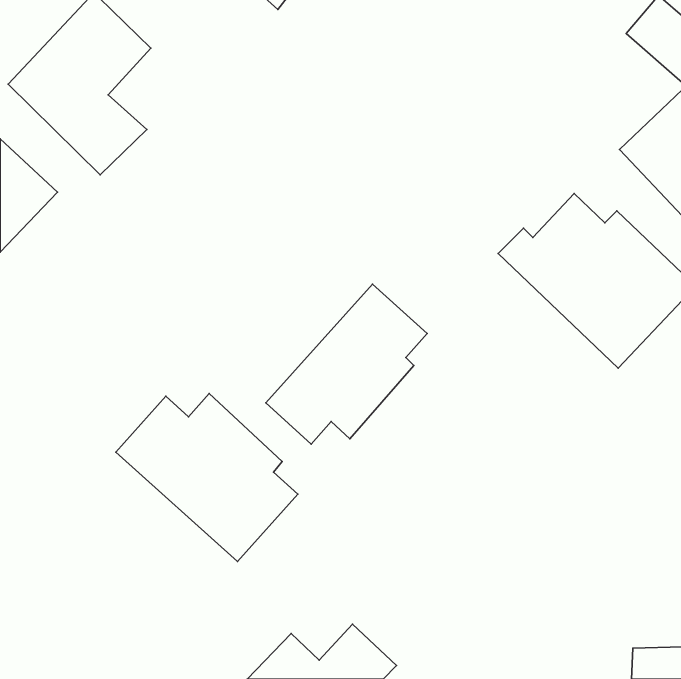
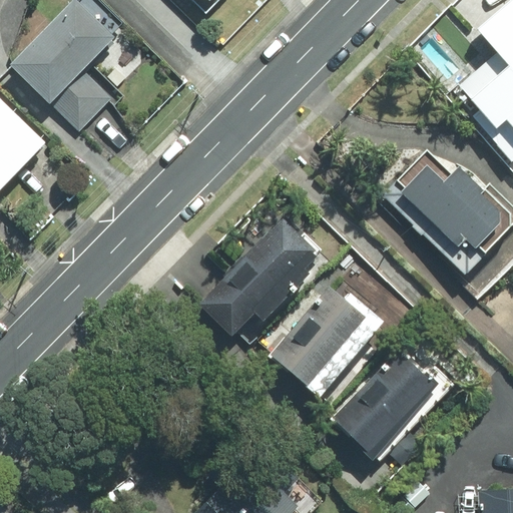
building: none -> [264,278,393,404]
building: [116,393,298,561] -> none
building: none -> [329,348,457,477]

